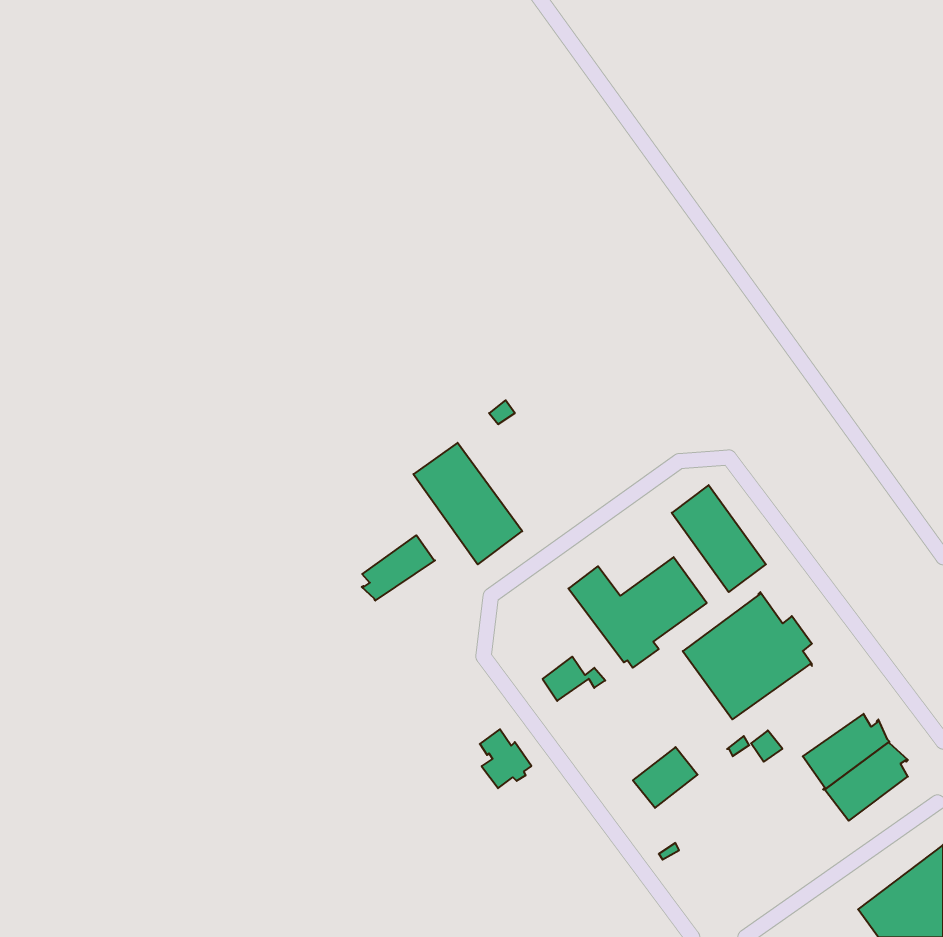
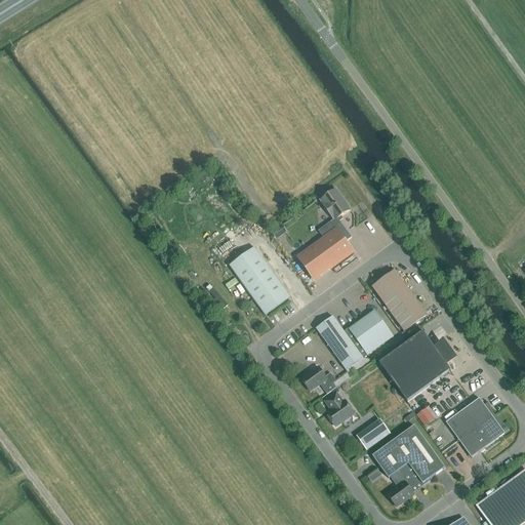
building: none -> [298,188,353,278]
building: [362,535,435,601] -> none
building: [480,729,531,788] -> [325,392,354,425]
building: none -> [372,423,445,506]

